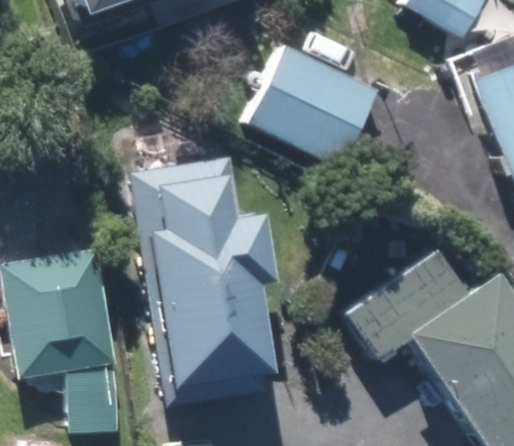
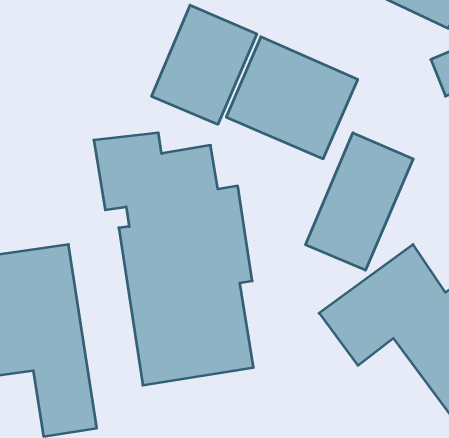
building: none -> [152,5,257,124]
building: none -> [306,133,413,270]

